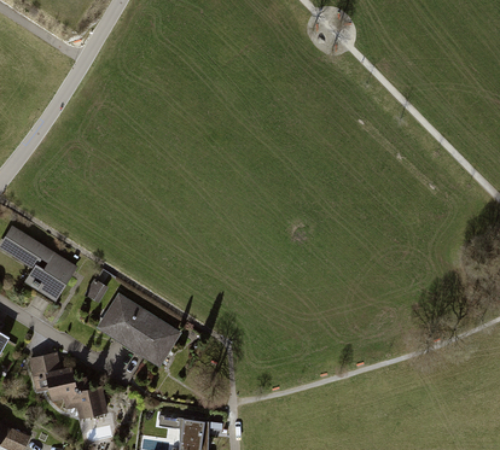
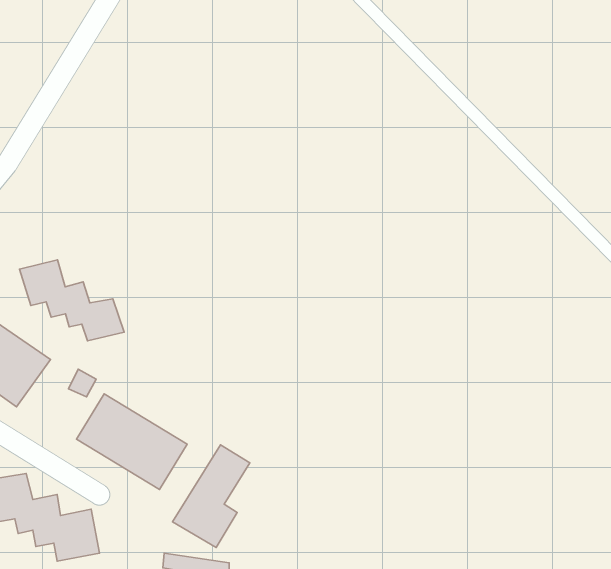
building: none -> [19,260,124,341]
building: none -> [173,445,250,547]

